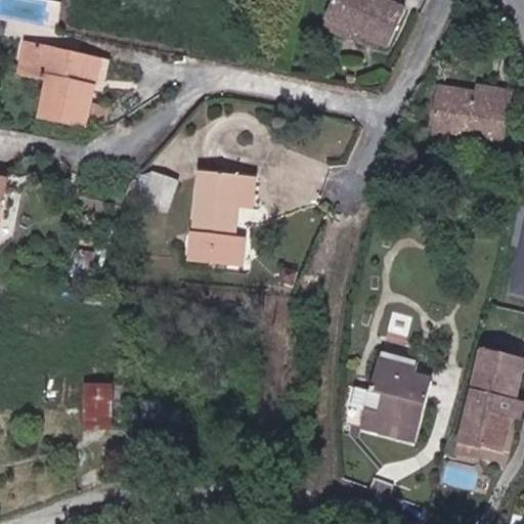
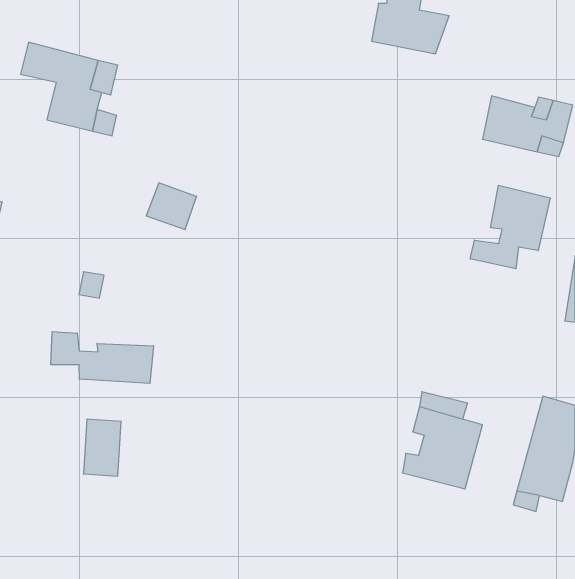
building: none -> [470,185,550,269]
building: [185,170,252,270] -> none
building: none -> [51,332,153,384]

